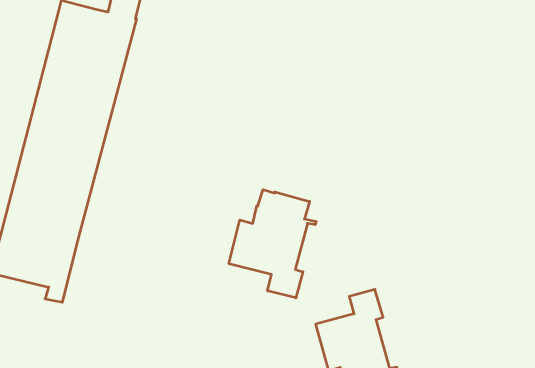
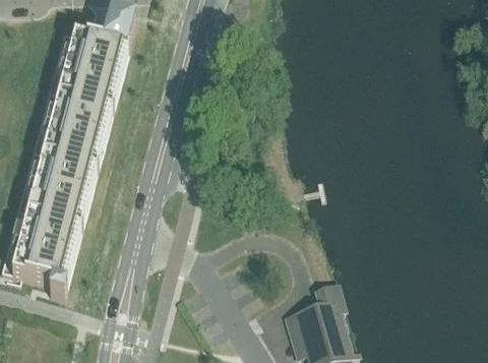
building: [229,190,316,298] -> none

